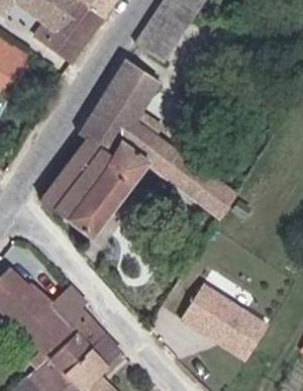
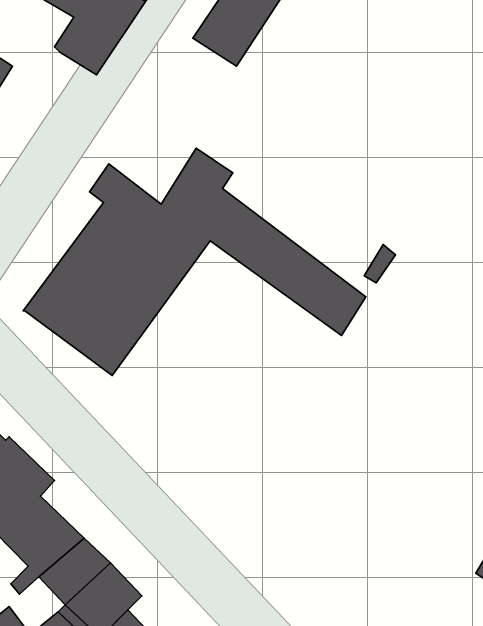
building: [86,59,155,140] -> none
building: [179,284,264,359] -> none
building: [46,289,119,367] -> none

